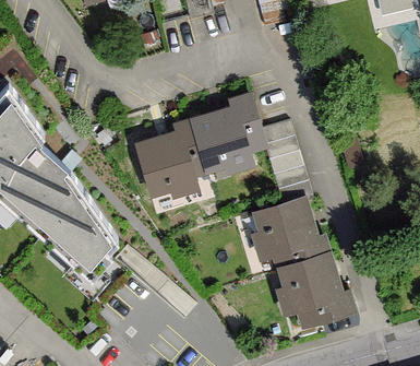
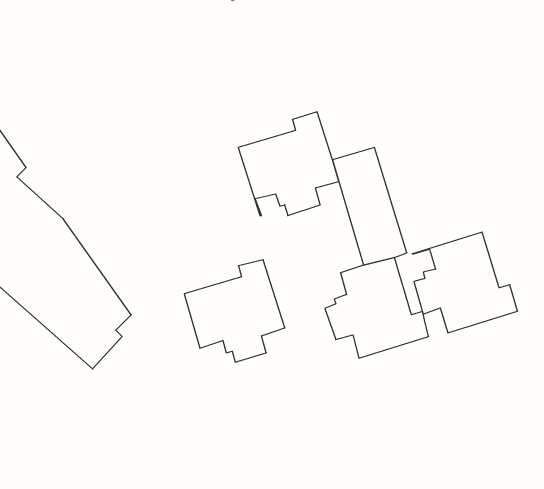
building: [137,119,208,191] -> [184,260,285,362]
building: [278,252,352,323] -> [412,232,518,333]

